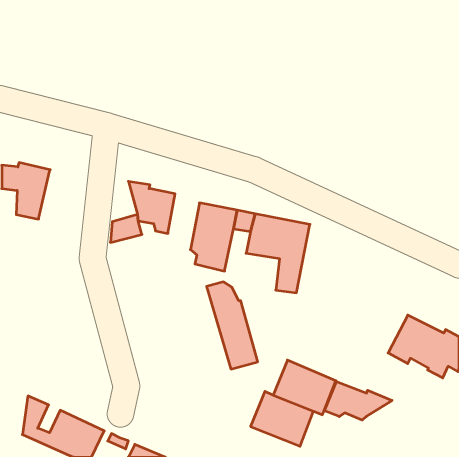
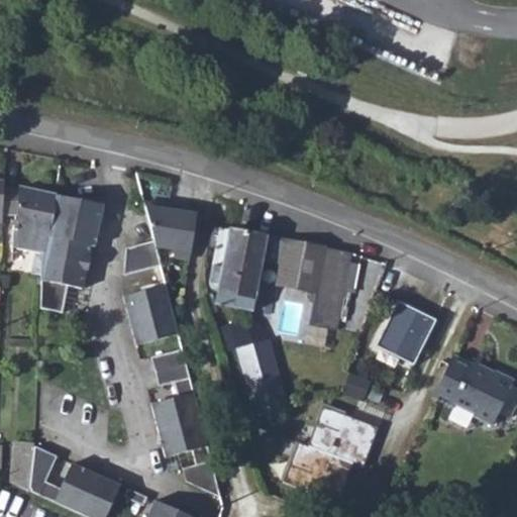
building: none -> [40,193,105,312]
building: none -> [122,284,177,343]
building: none -> [380,301,439,364]
building: none -> [149,347,217,495]
building: [325,382,392,420] -> none

